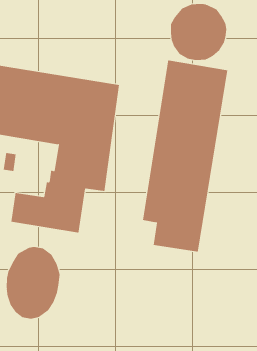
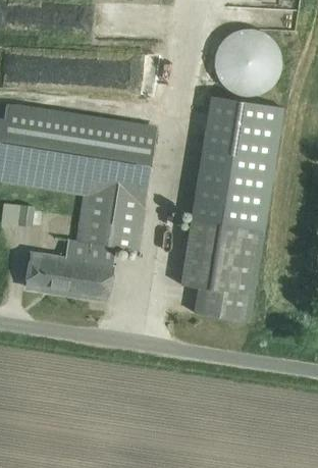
building: [6,246,60,319] -> none

